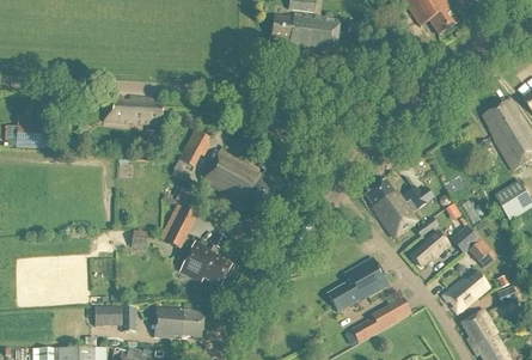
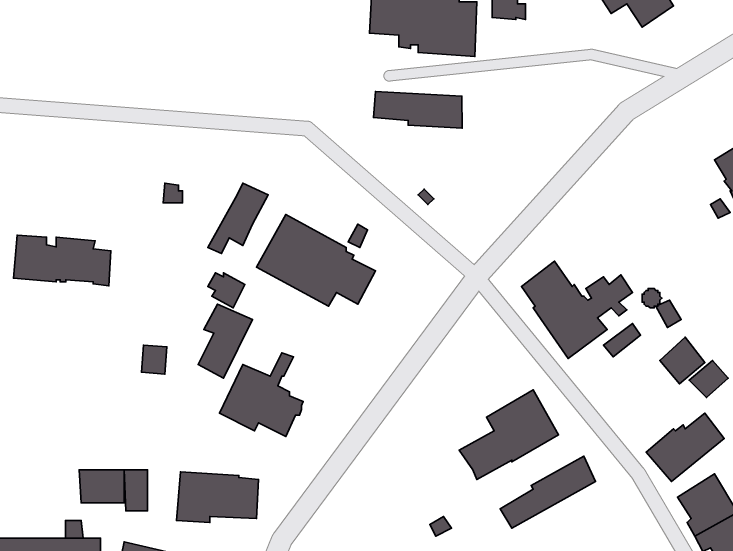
building: none -> [374,92,462,128]
building: [103,94,163,126] -> [13,235,111,286]
building: [411,231,448,266] -> none

